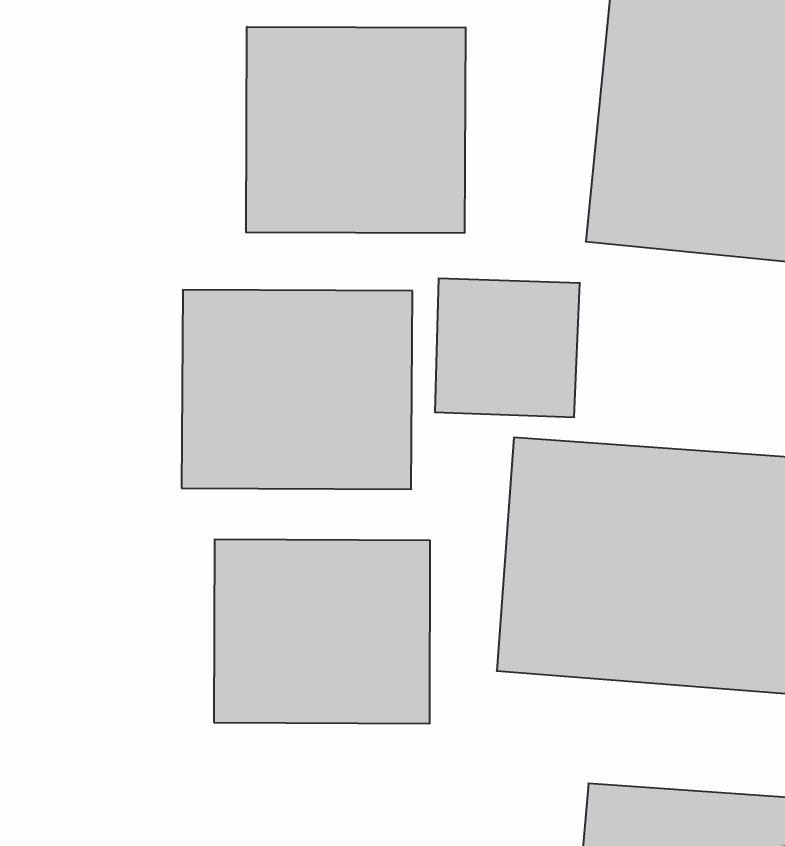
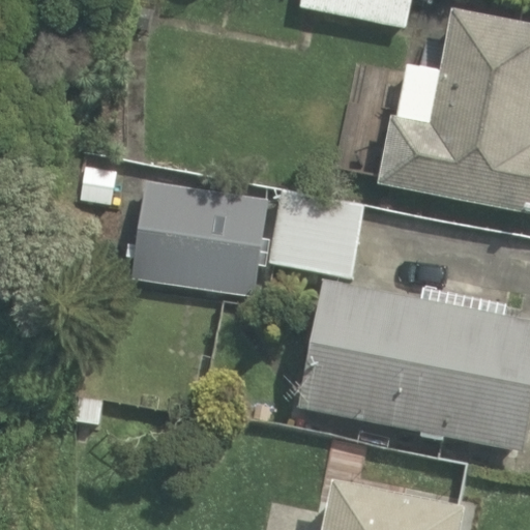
building: [246,27,465,233] -> none
building: [214,539,430,724] -> none

